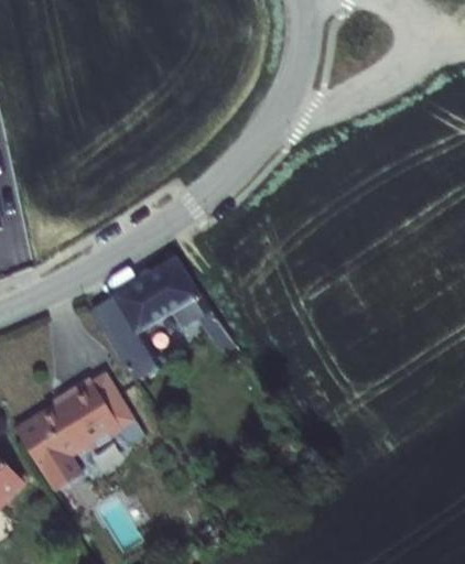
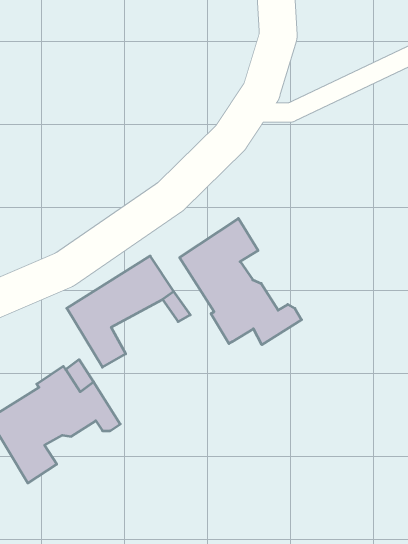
building: none -> [180,218,302,345]

